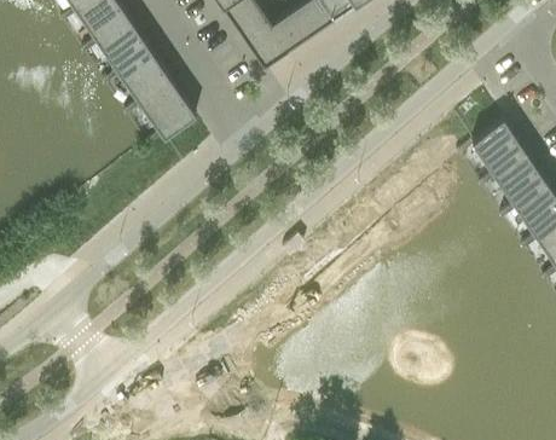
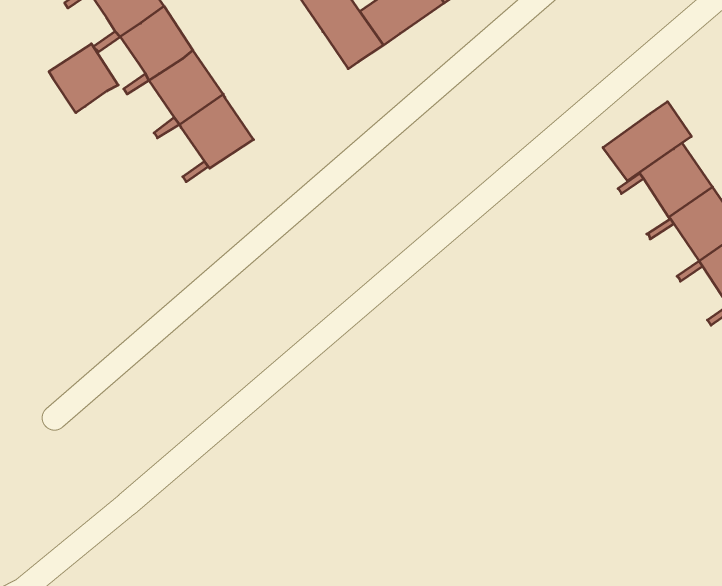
building: none -> [49,44,118,113]
building: none -> [603,102,691,181]

